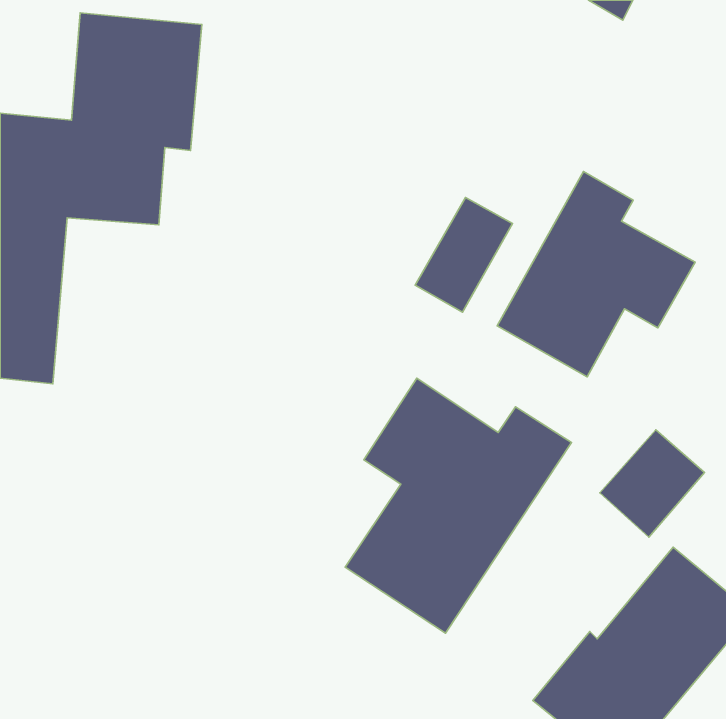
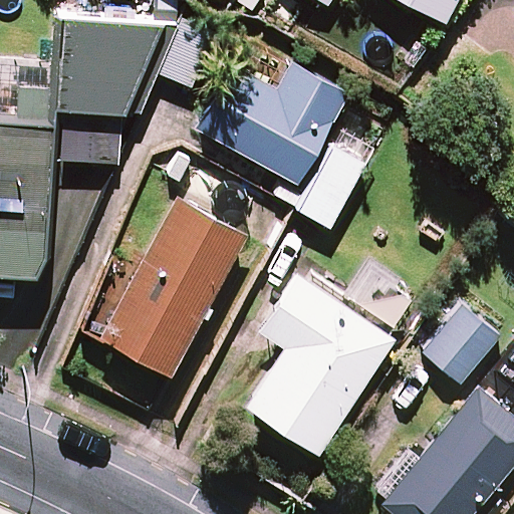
building: none -> [195,63,347,186]
building: [497,172,695,377] -> none
building: none -> [84,163,252,376]

